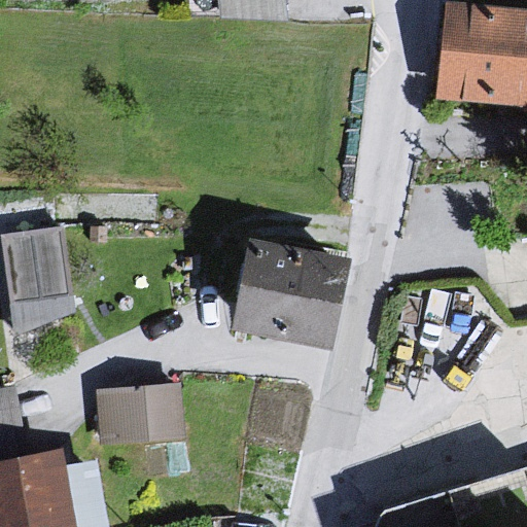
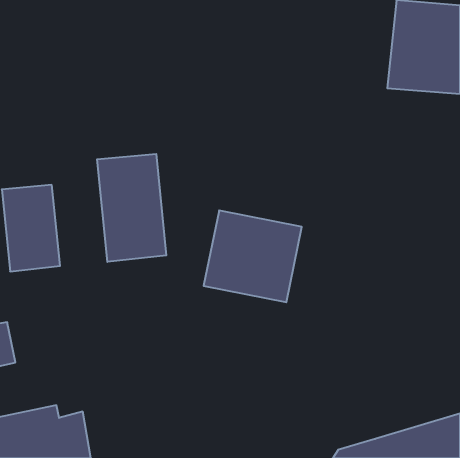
building: none -> [97,154,166,262]
building: [93,388,183,450] -> none

